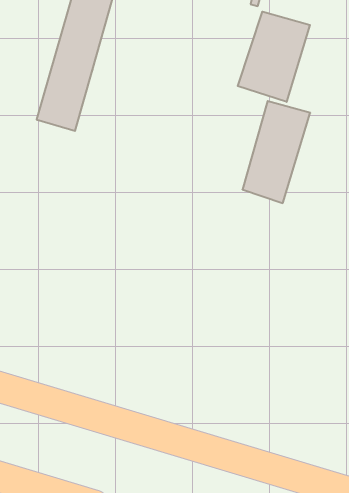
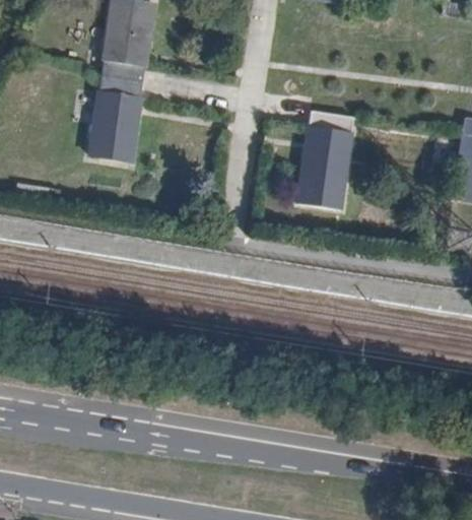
building: [238,12,310,102] -> none

